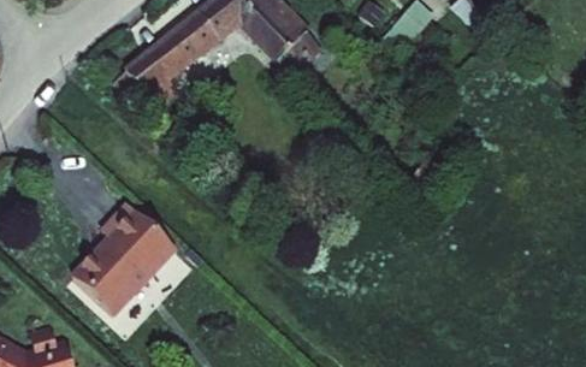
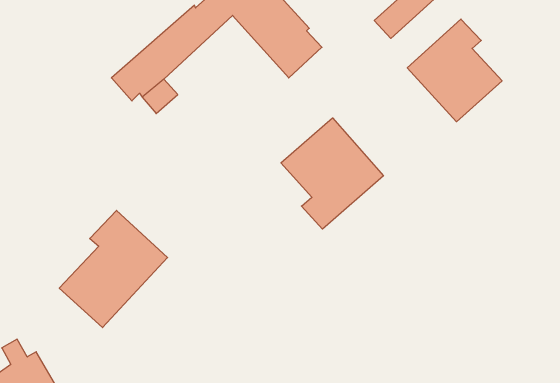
building: none -> [407,19,502,122]
building: none -> [281,118,383,229]

